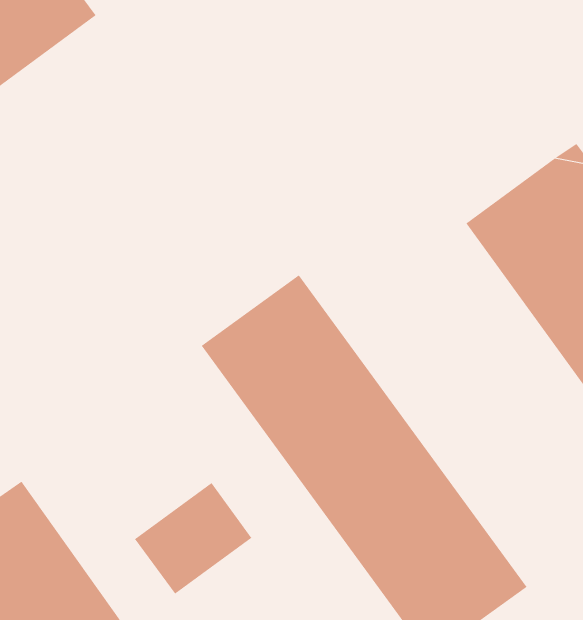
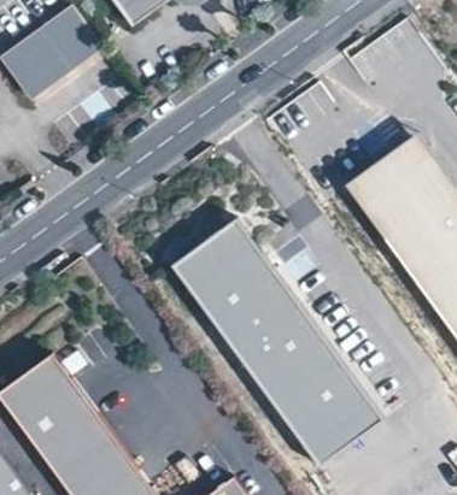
building: [134,482,252,595] -> none

